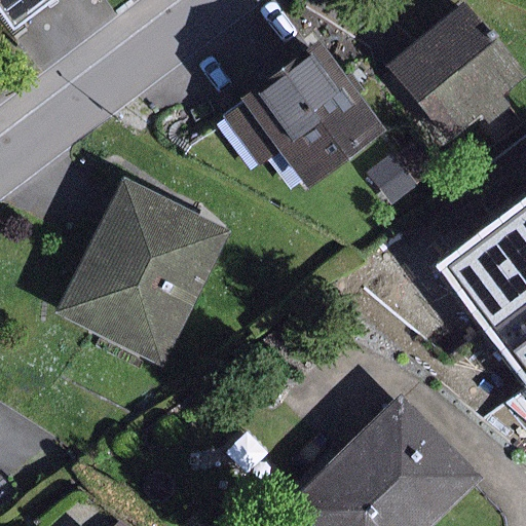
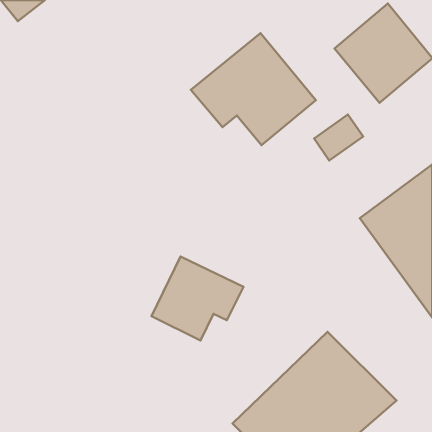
building: [70,182,229,350] -> none
building: none -> [151,256,244,340]

